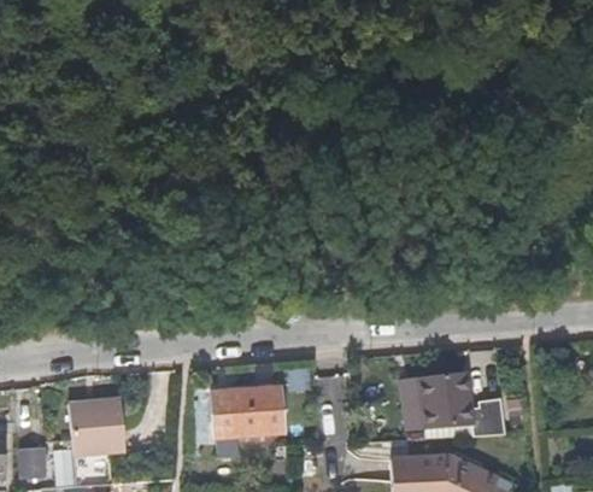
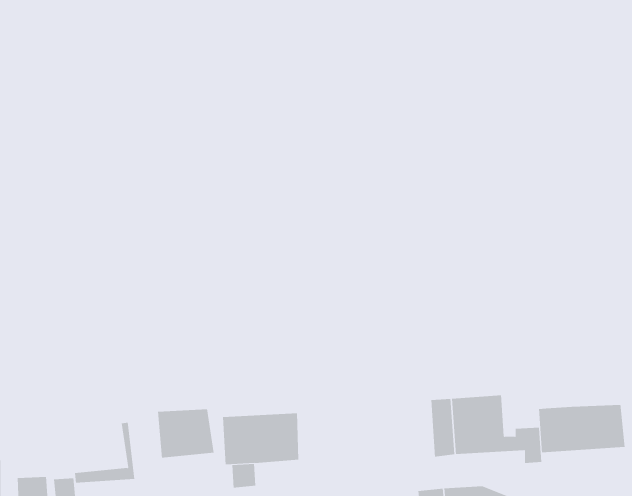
building: none -> [539,404,625,453]
building: [67,398,121,444] -> [157,409,214,458]

